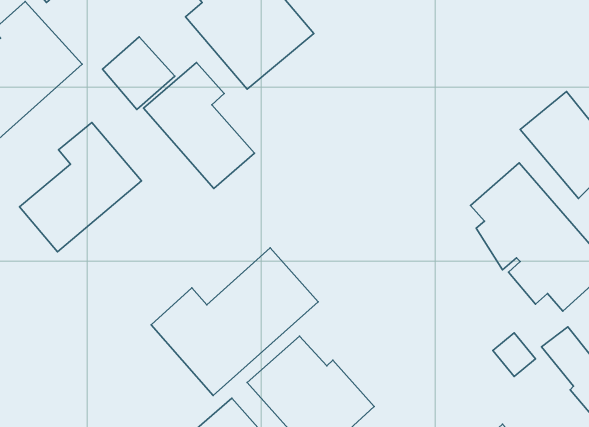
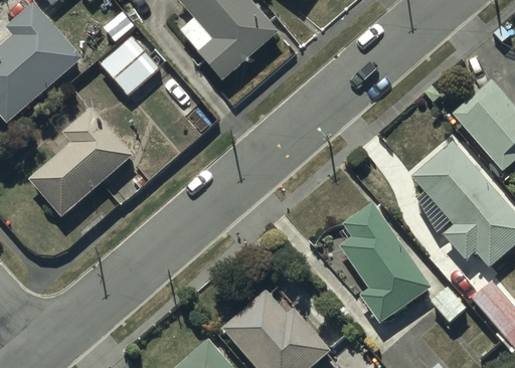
building: [144,62,254,189] -> none
building: none -> [340,202,432,322]
building: [151,248,318,395] -> none

